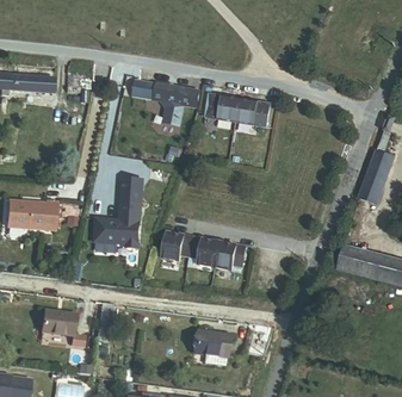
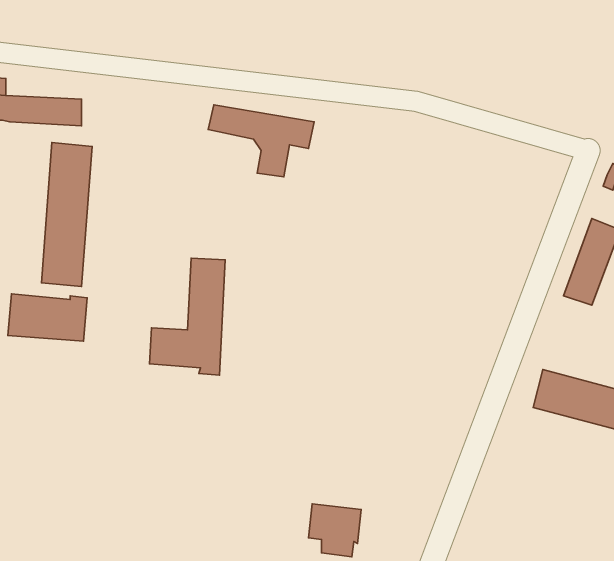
building: [205,94,268,125] -> none
building: none -> [41,143,92,287]
building: [163,230,248,269] -> none
building: [43,309,75,334] -> none

